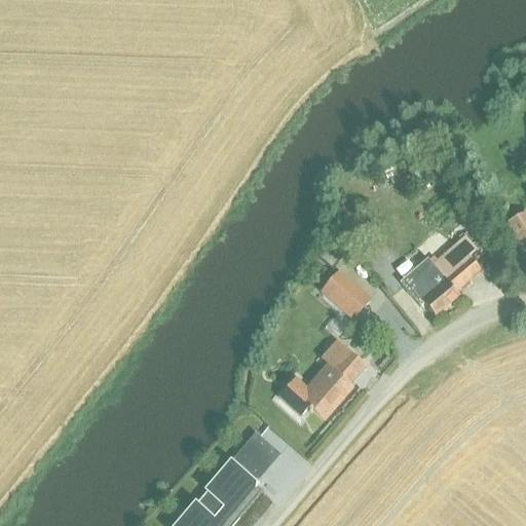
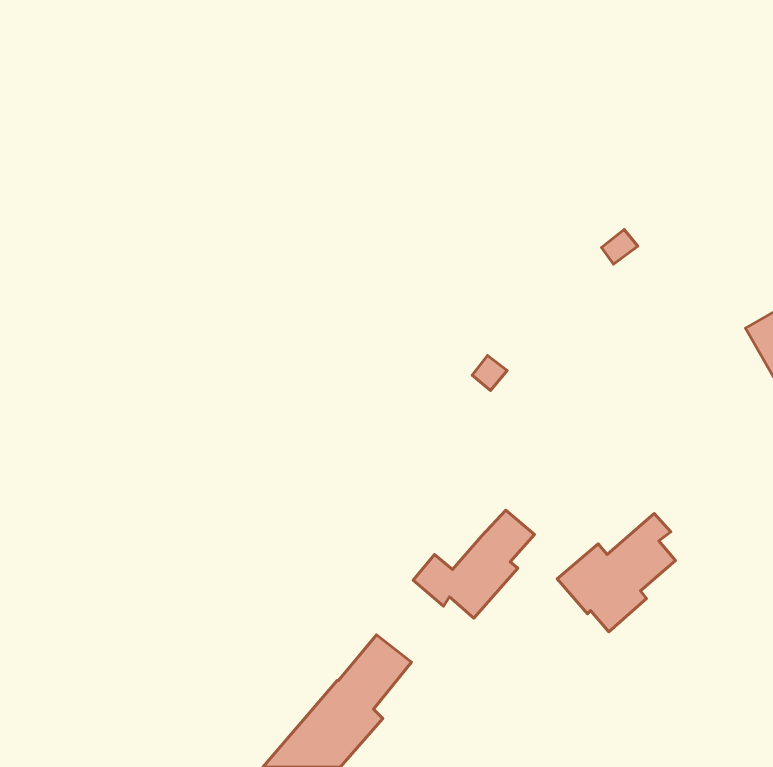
building: [401,235,481,315] -> [557,513,676,632]
building: [324,270,371,315] -> none

